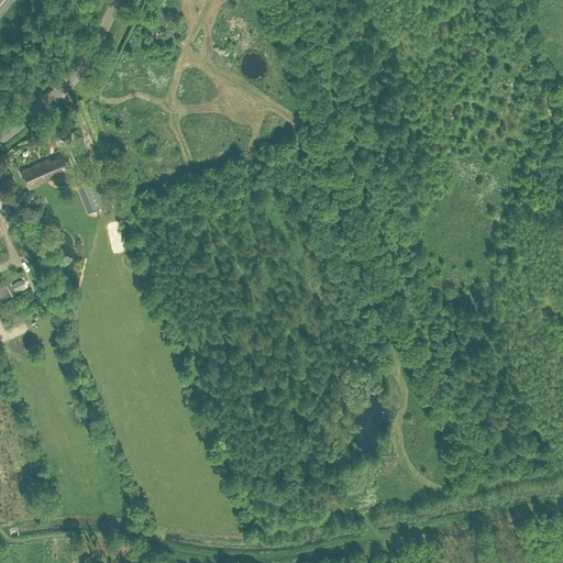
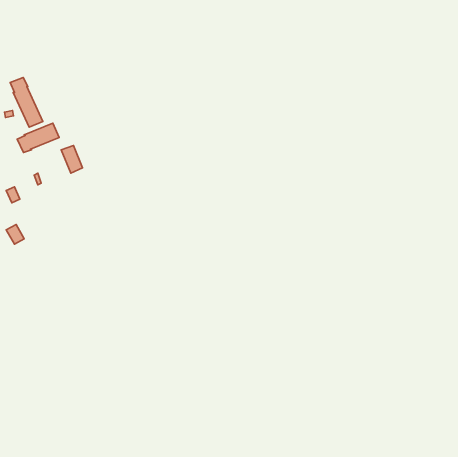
building: none -> [10,77,43,127]

